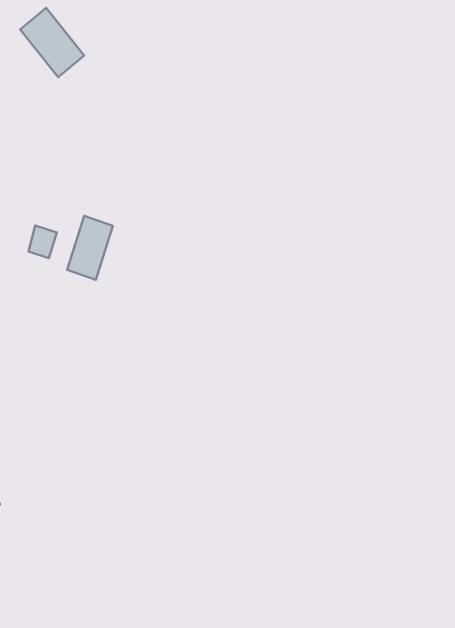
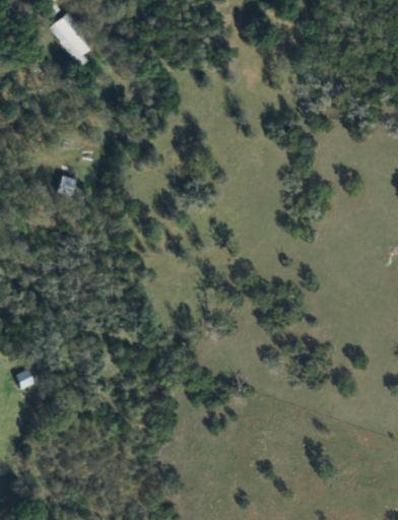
building: [67,216,113,280] -> none

